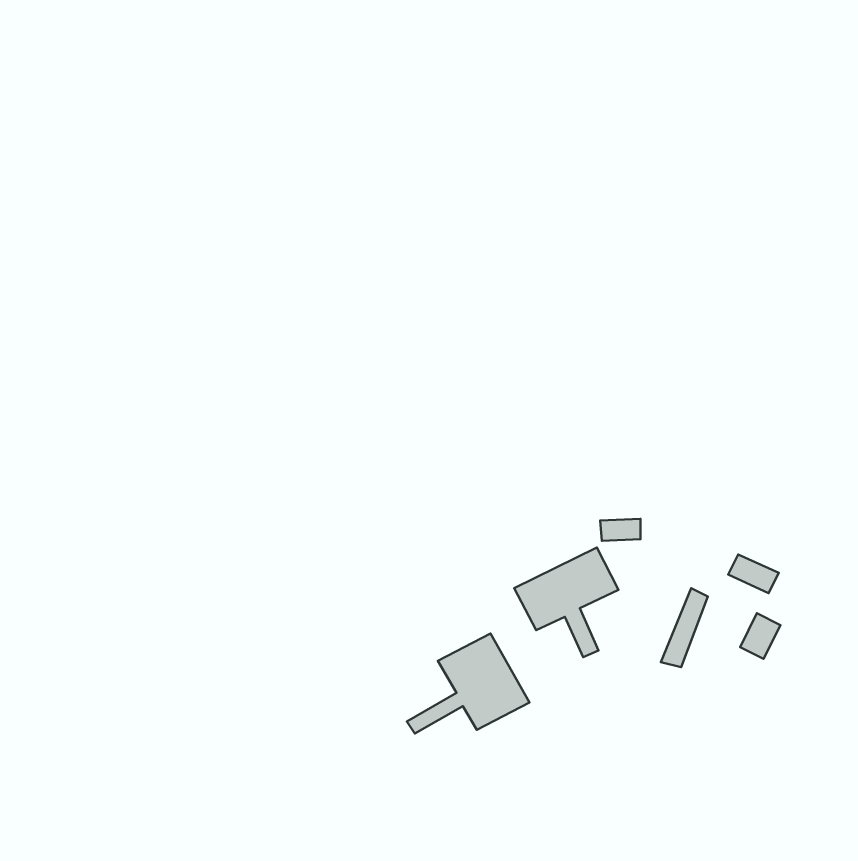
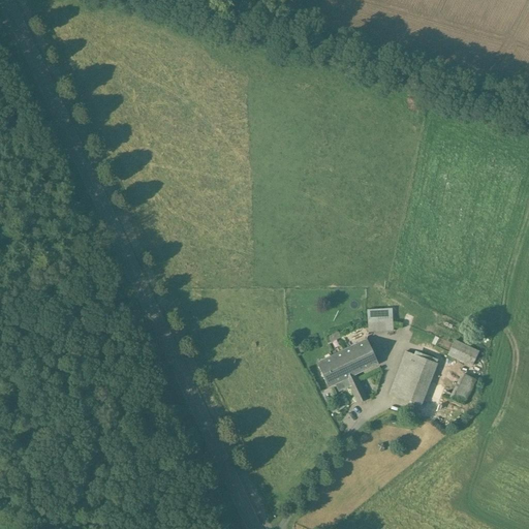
building: none -> [387,347,428,406]
building: [407,633,529,733] -> none

